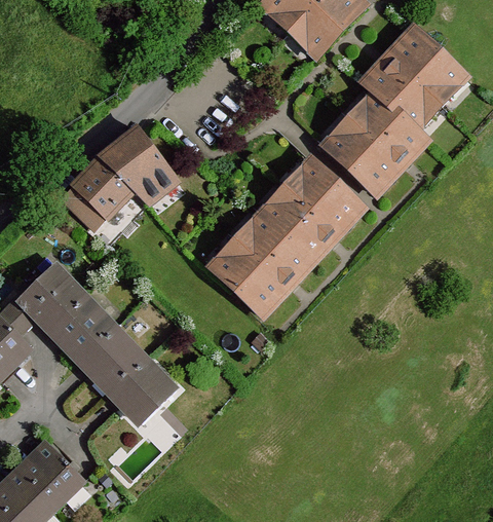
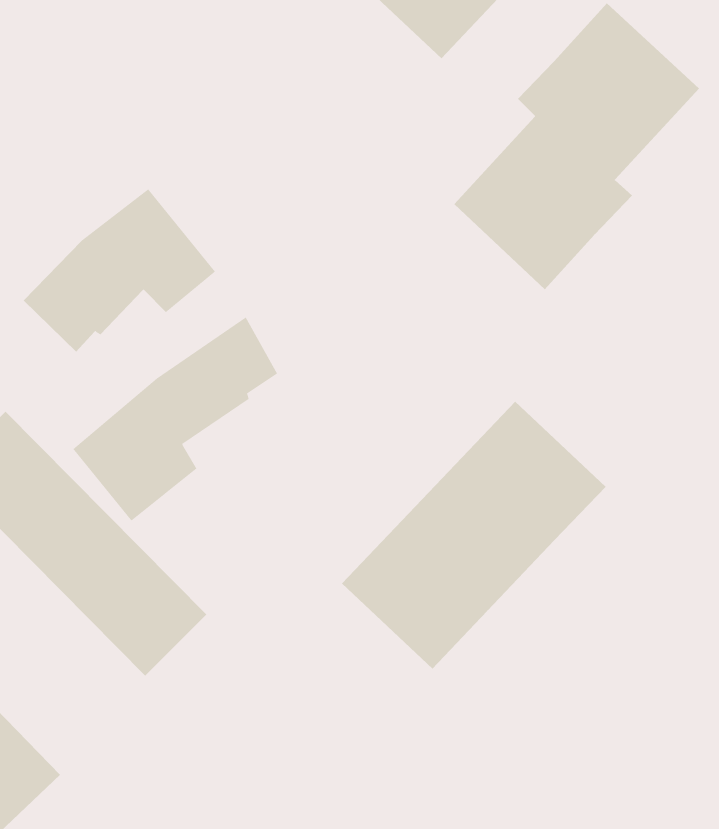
building: [204,156,363,316] -> [341,401,607,670]
building: none -> [73,316,278,521]

